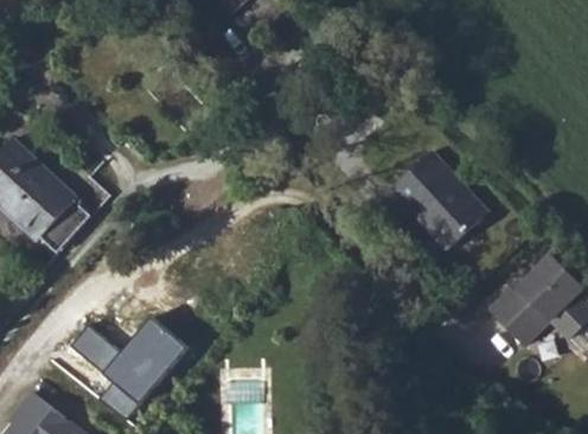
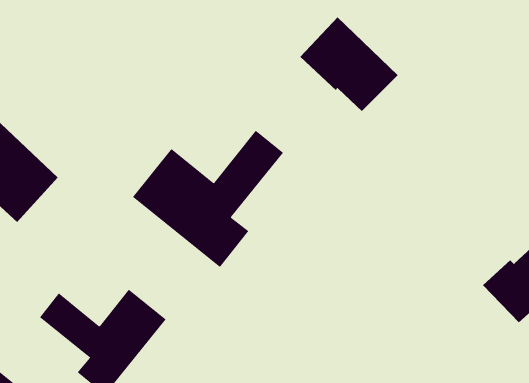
building: none -> [132,130,284,268]
building: [391,158,487,250] -> [299,16,399,112]

